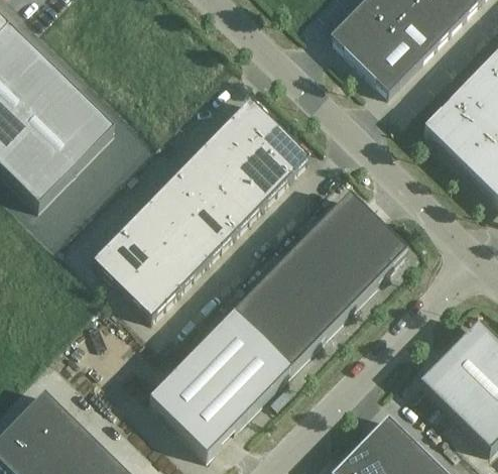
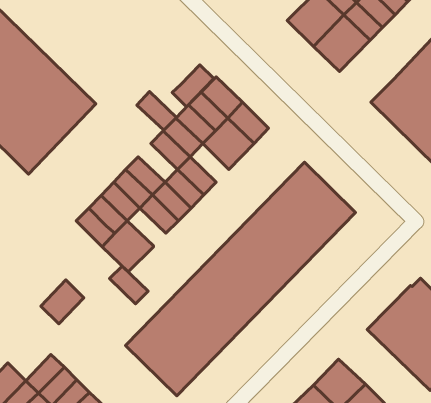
building: none -> [172,65,214,107]
building: [162,172,207,216] -> [137,92,176,130]
building: [221,172,264,216] -> none
building: [150,245,194,287] -> [109,266,148,304]
building: [16,389,65,439] -> [41,280,84,324]

